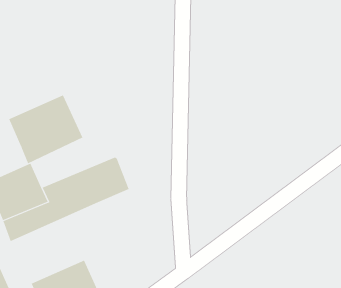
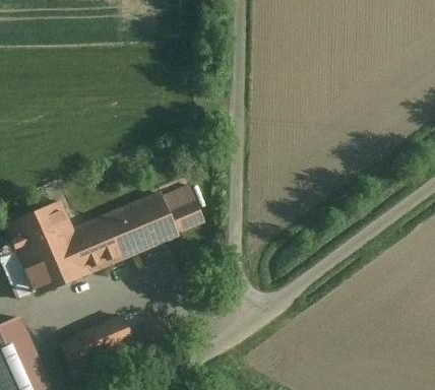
building: [9,95,83,164] -> none
building: none -> [162,186,203,233]

